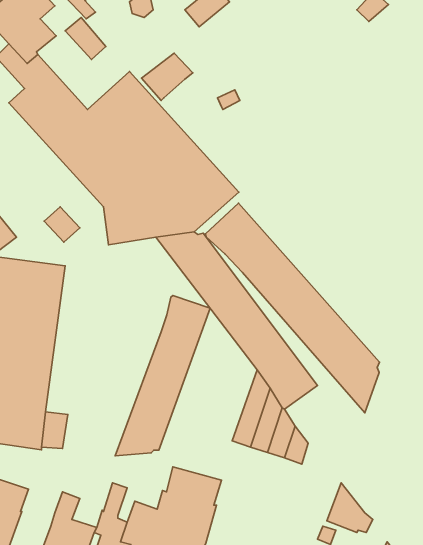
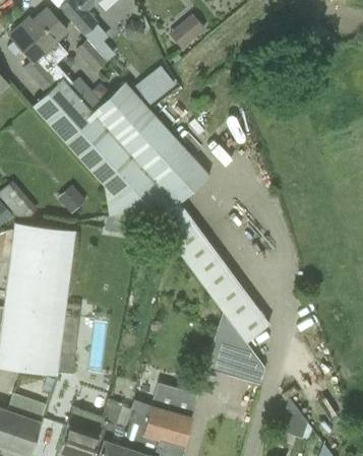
building: [205,203,380,413] -> none
building: [115,296,210,456] -> none

